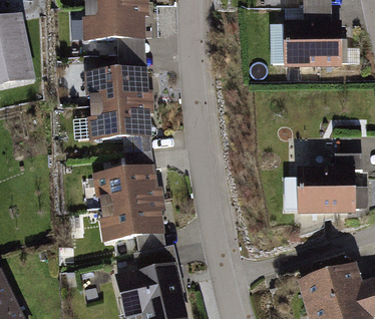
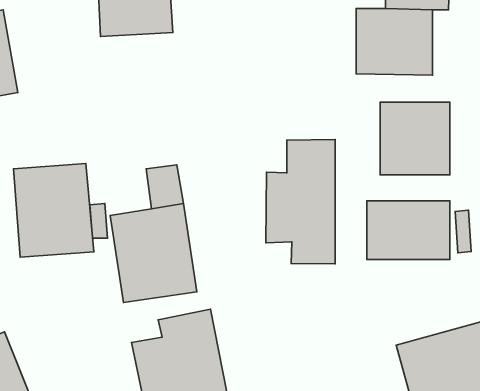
building: [88,68,148,138] -> [14,163,94,257]
building: none -> [380,102,450,175]
building: none -> [266,139,335,264]

